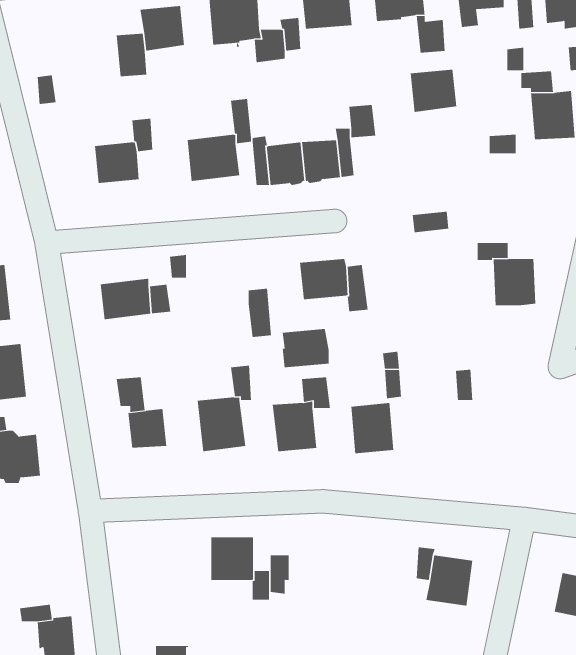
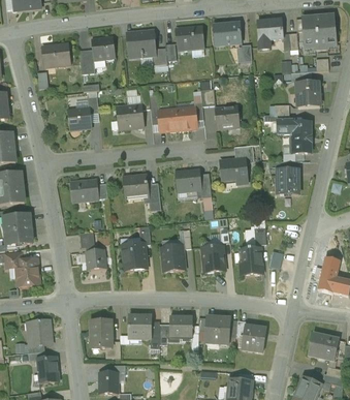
building: none -> [41,43,70,67]
building: [410,69,457,113] -> [214,105,238,128]
building: none -> [277,119,311,153]
building: none -> [220,157,247,182]
building: [282,328,329,368] -> [123,174,148,194]
building: none -> [238,246,261,274]
building: none -> [169,314,192,337]
building: none -> [204,315,230,343]
building: none -> [27,317,52,345]
building: none -> [90,318,120,357]

